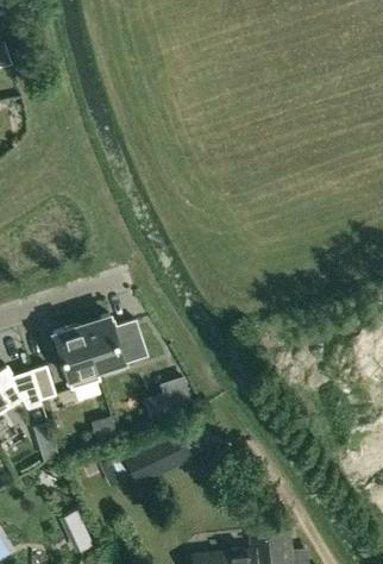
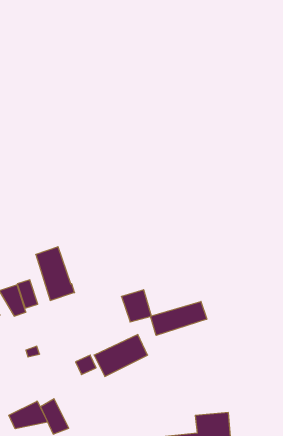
building: [80,317,145,371] -> none
building: none -> [151,301,207,335]
building: none -> [9,401,48,429]

